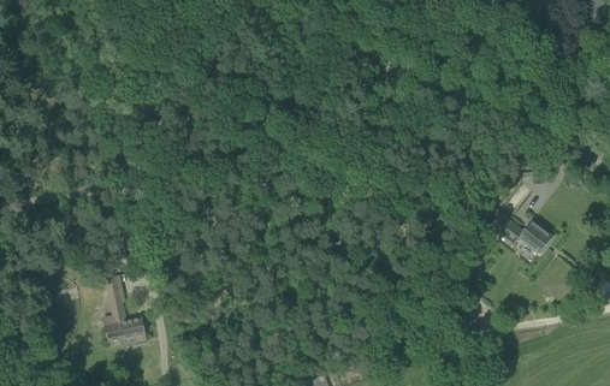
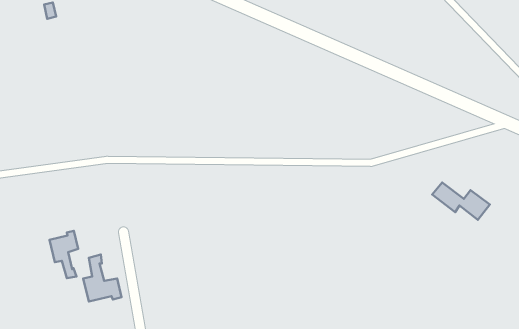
building: none -> [50,231,78,278]

